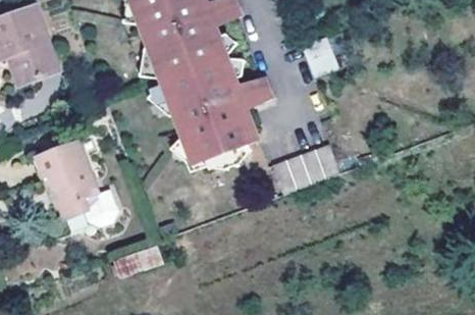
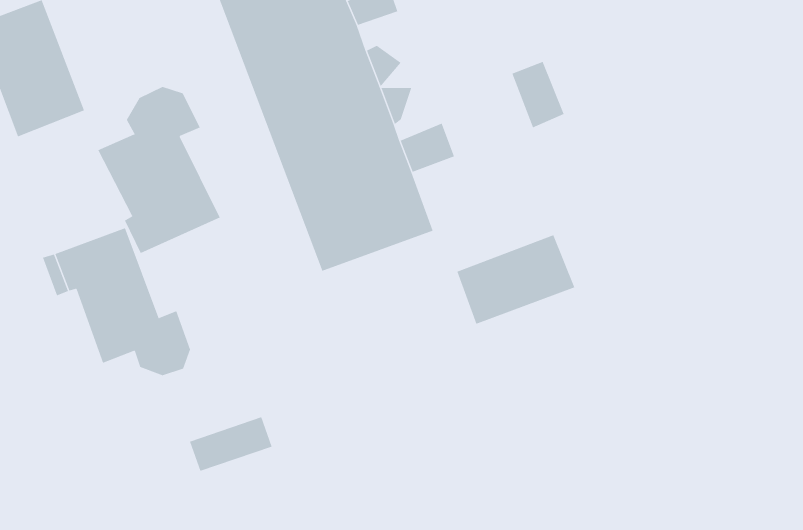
building: none -> [98,86,220,254]

